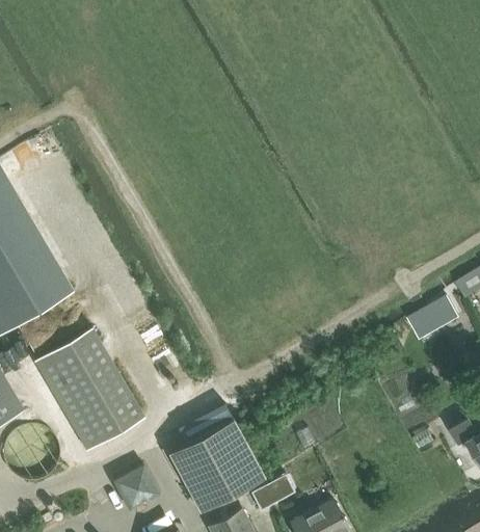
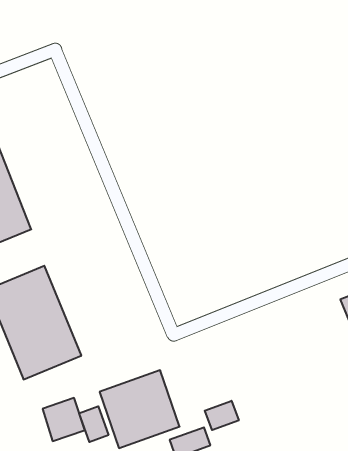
building: none -> [205,401,239,430]
building: none -> [79,406,108,442]

